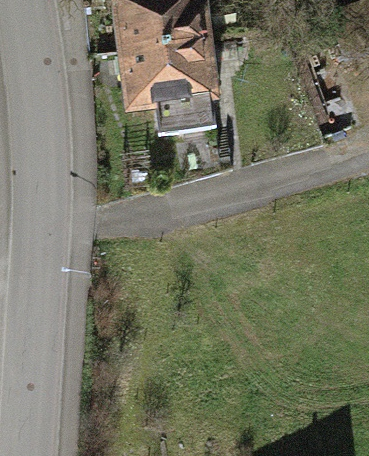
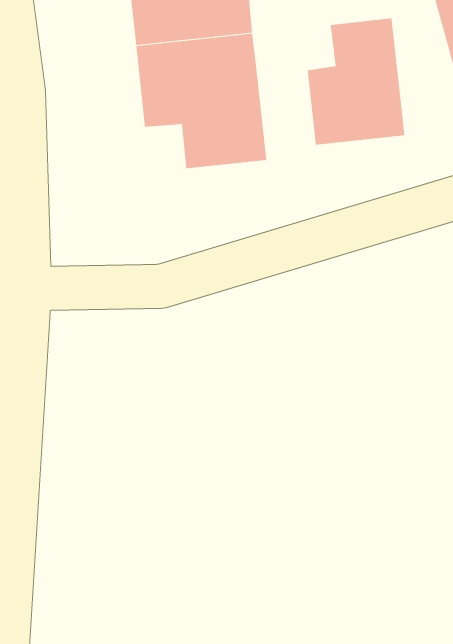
building: none -> [307,17,405,145]

